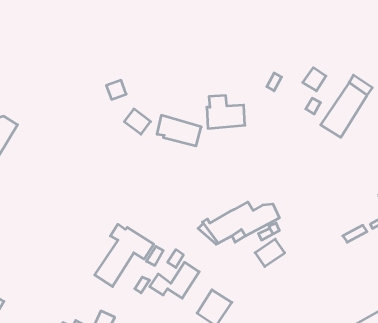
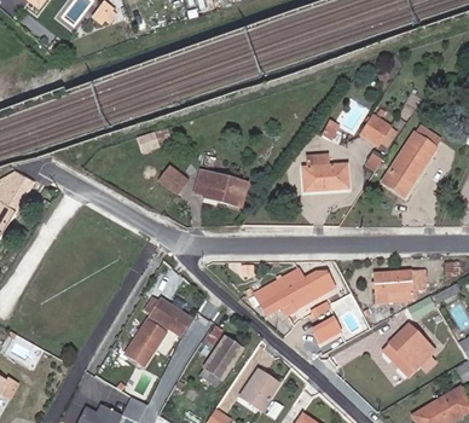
building: [207,96,245,128] -> [303,155,347,192]
building: none -> [375,272,425,302]
building: none -> [389,325,434,370]

